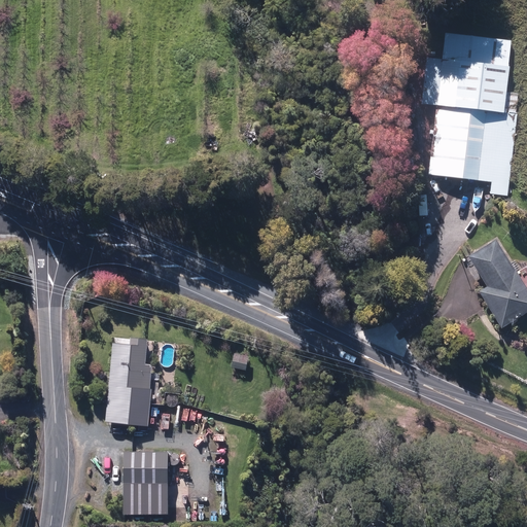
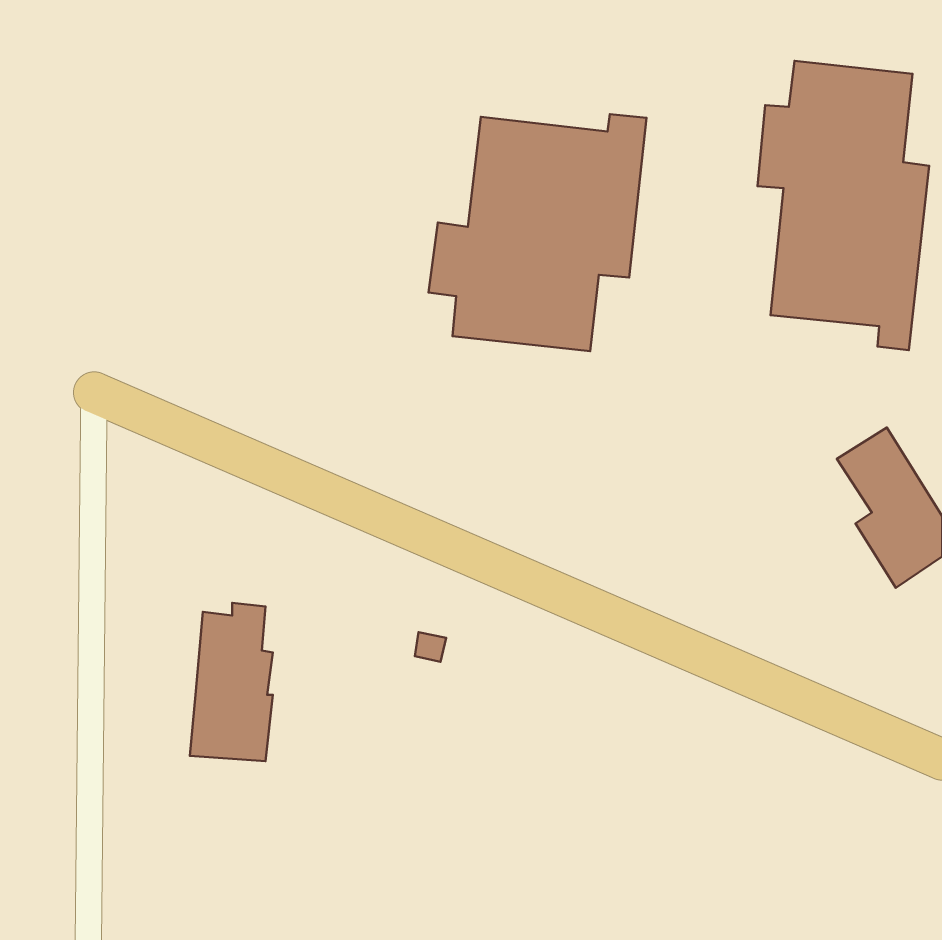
building: none -> [428,114,647,351]
building: [122,451,168,515] -> none

